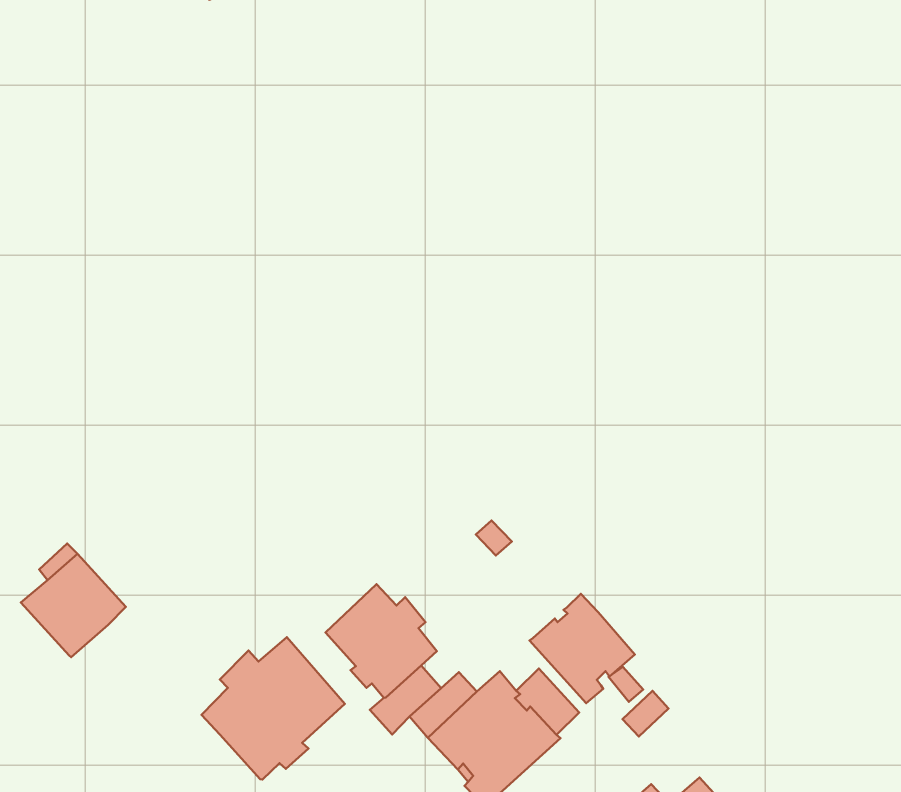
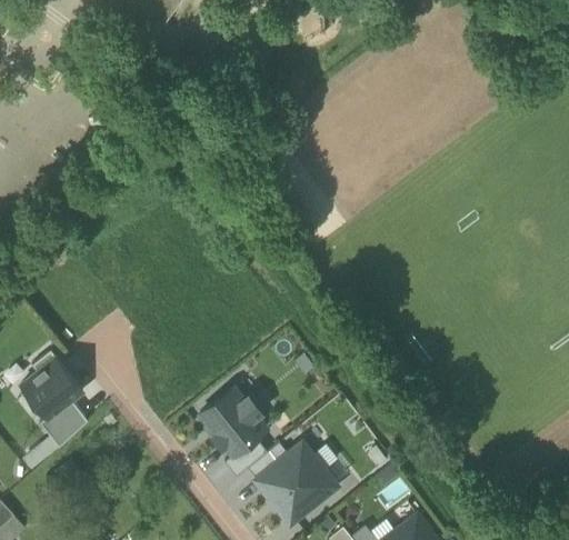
building: [529,594,635,703] -> none
building: none -> [40,401,88,448]
building: [202,637,345,780] -> none

